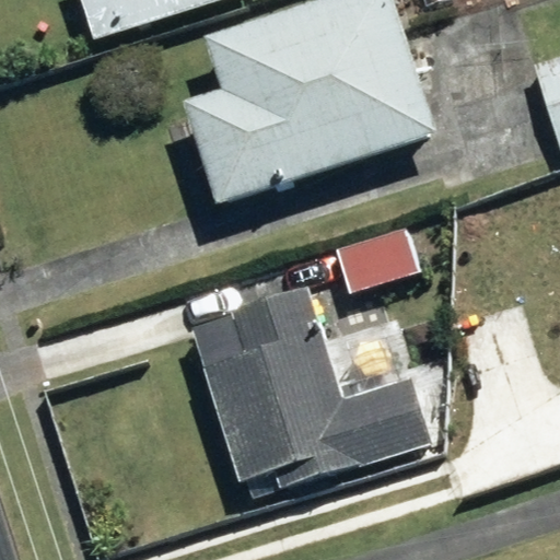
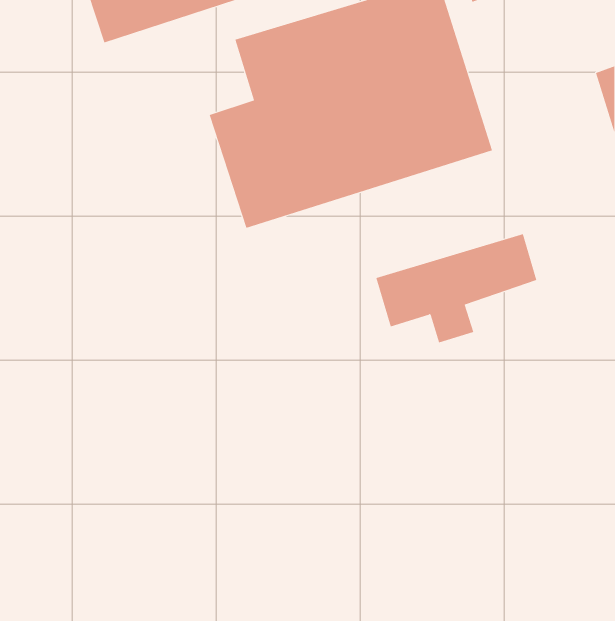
building: [205,289,429,486] -> none

